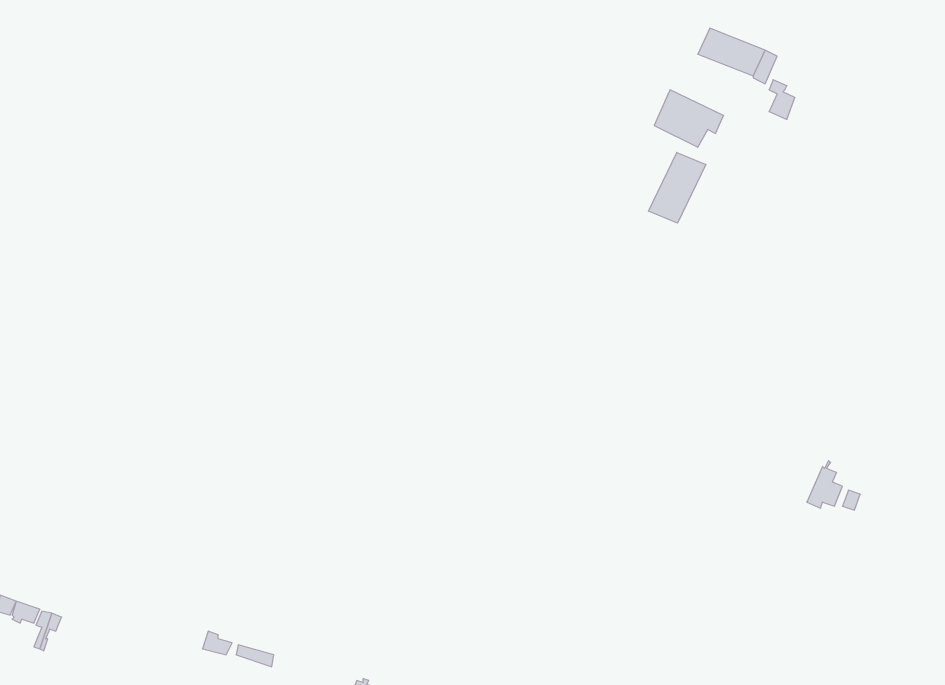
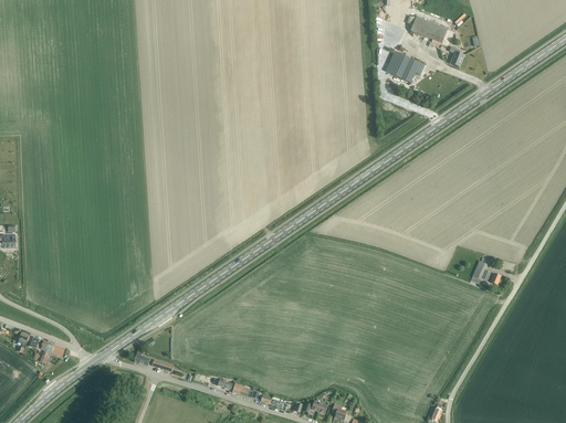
building: [648,152,706,223] -> none

